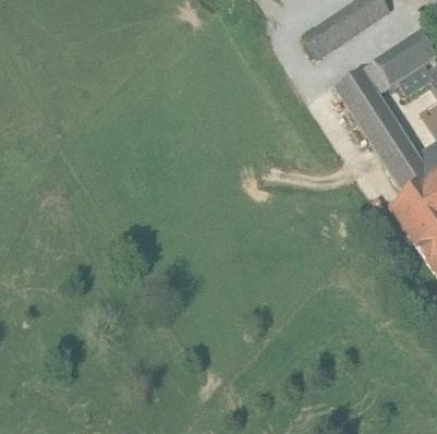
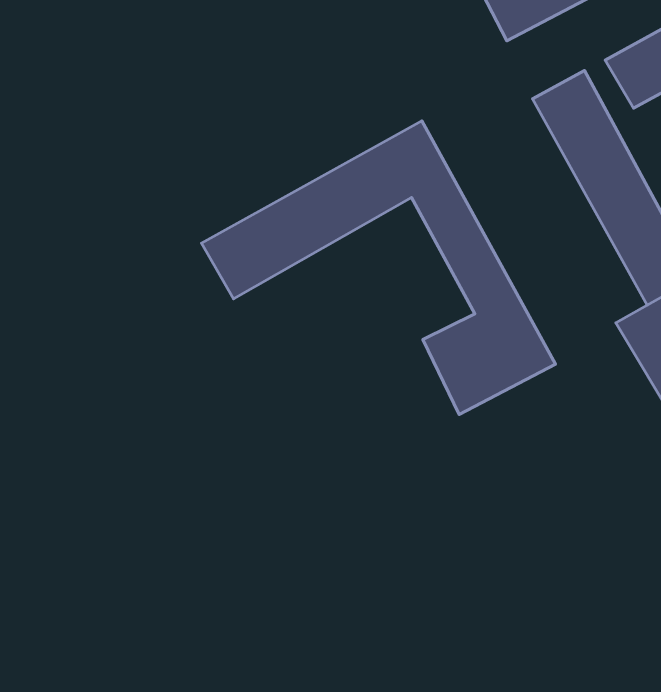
building: none -> [202,121,555,415]

